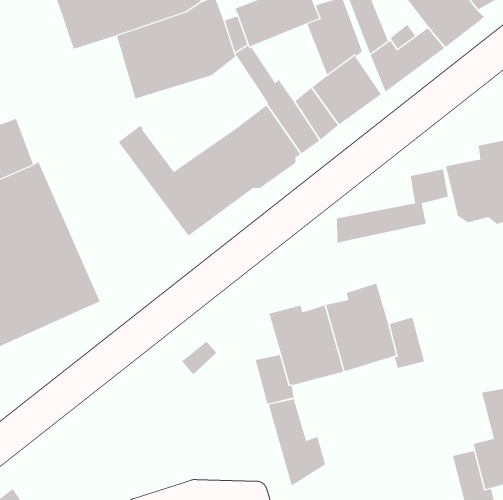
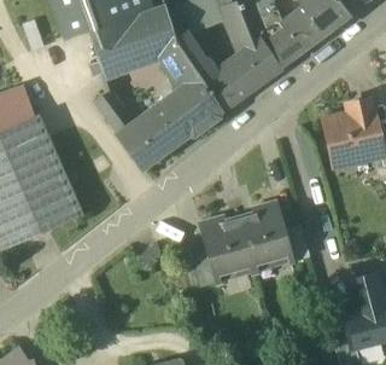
building: none -> [159,42,198,92]
building: [337,168,448,243] -> none
building: [268,399,326,486] -> none

